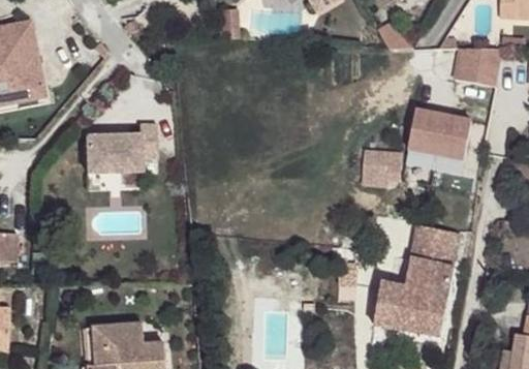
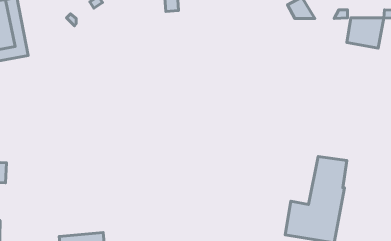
building: [408,109,471,159] -> none
building: [87,123,158,172] -> none
building: [363,149,402,179] -> none

